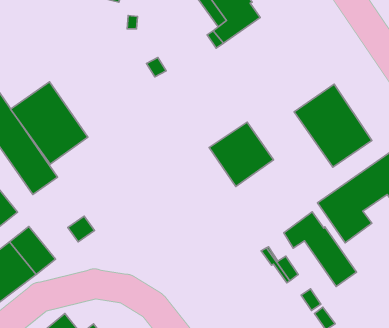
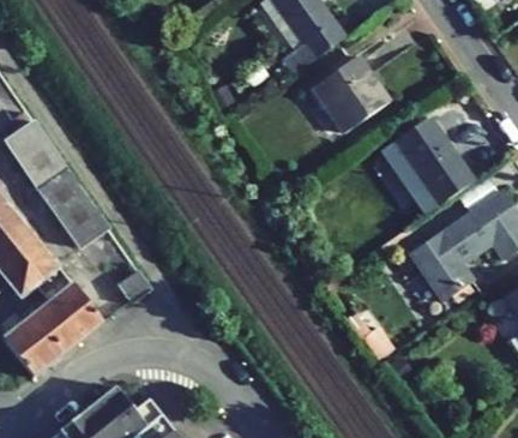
building: [11,82,88,164] -> none
building: [209,122,274,187] -> [314,55,390,131]
building: [284,212,357,286] -> none

